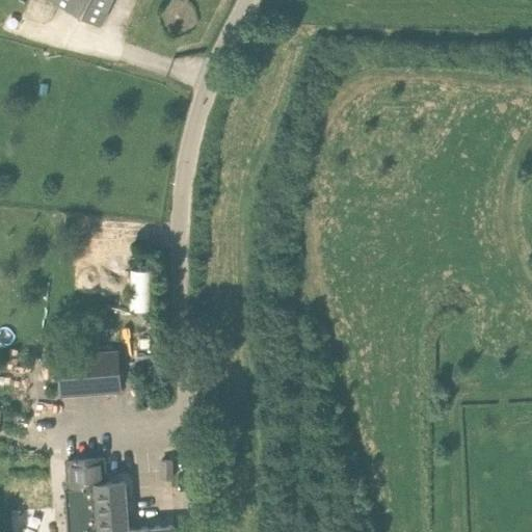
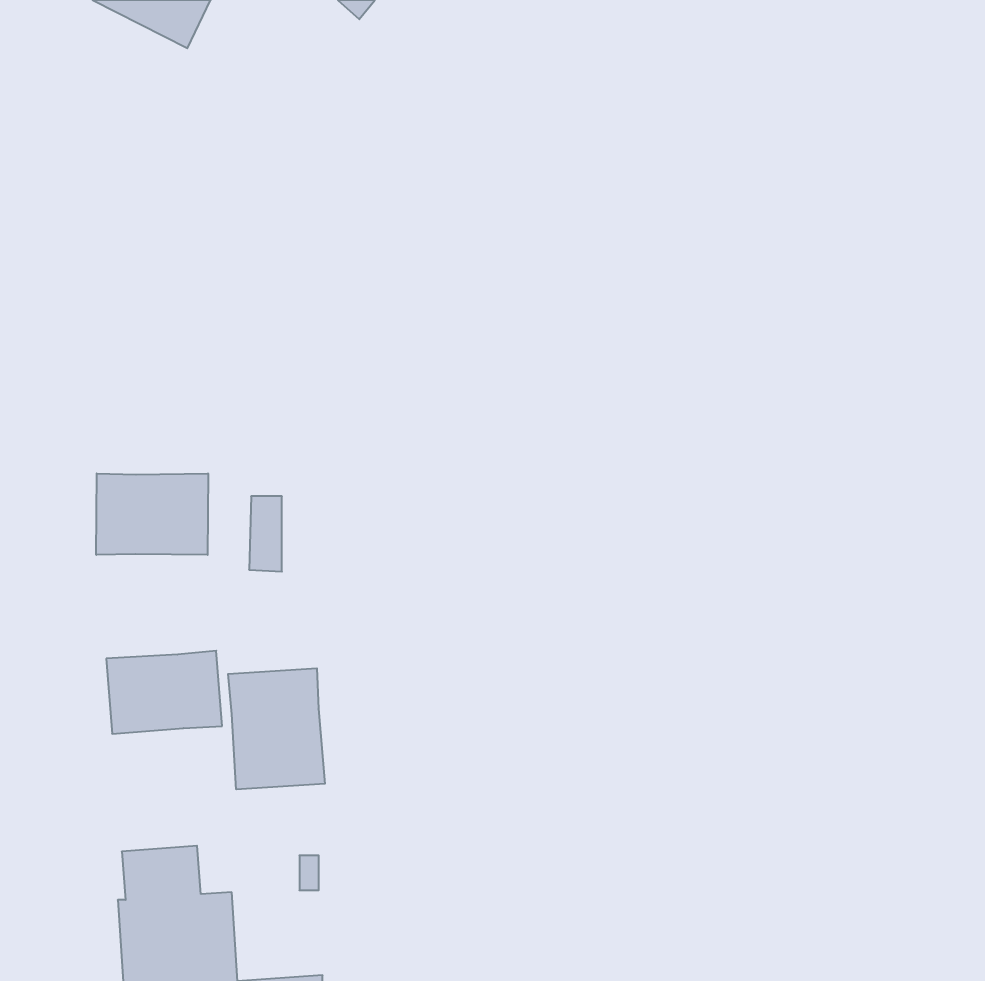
building: none -> [96,473,208,555]
building: none -> [228,668,325,789]

